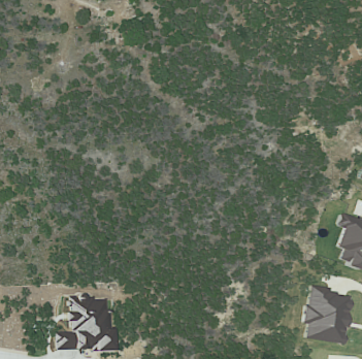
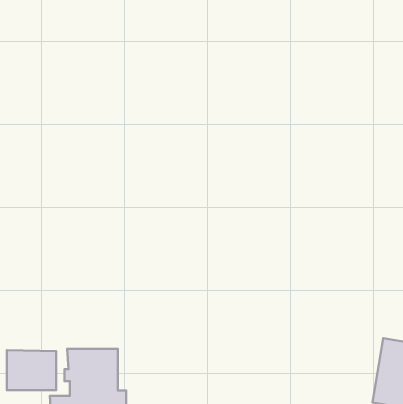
building: none -> [7,350,56,390]

